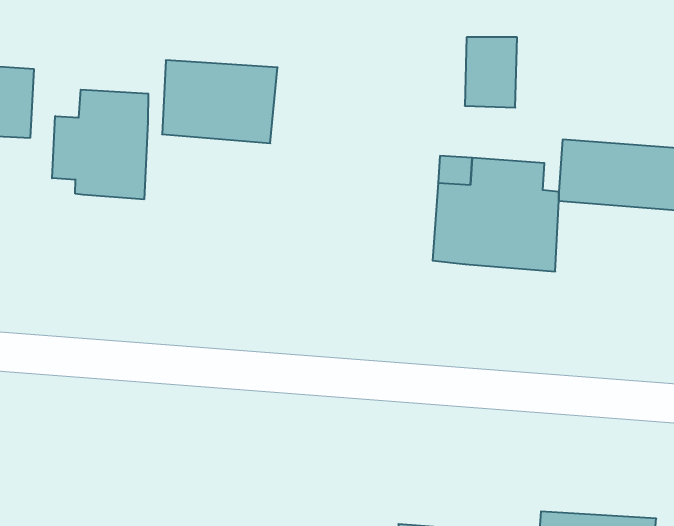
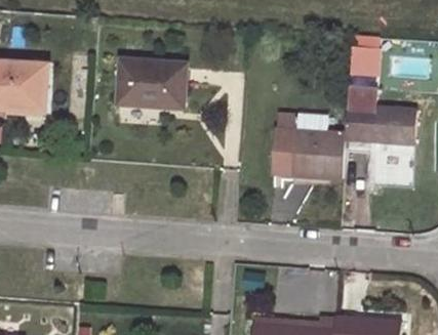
building: [465,37,517,108] -> [350,37,380,77]
building: [52,90,148,199] -> none

